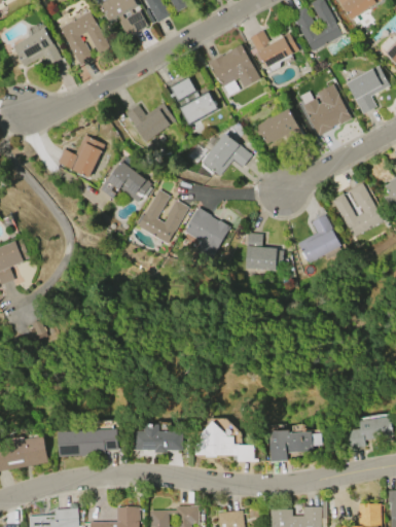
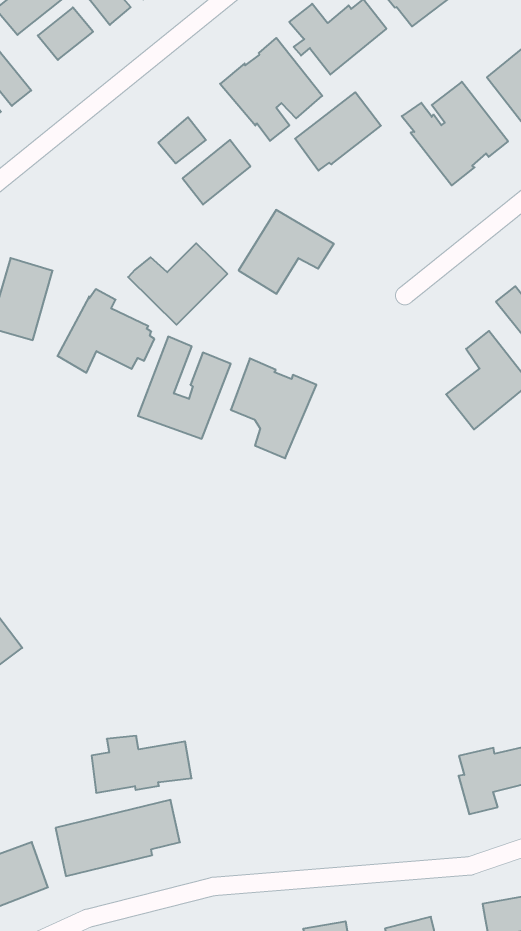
building: [124,102,176,142] -> [128,243,227,325]
building: [256,107,301,144] -> [295,92,381,171]
building: [244,233,283,271] -> none
building: [194,421,257,461] -> none
building: [133,423,183,452] -> [92,736,192,793]

